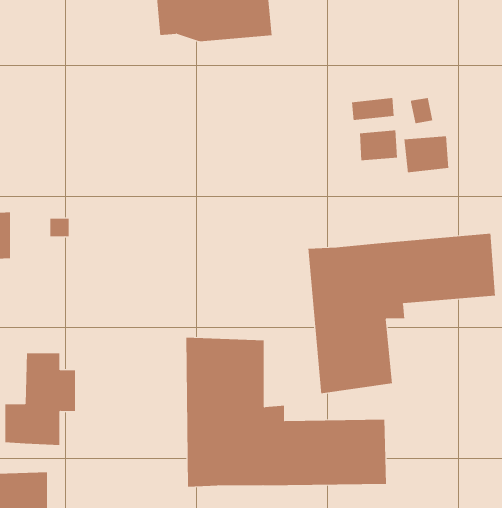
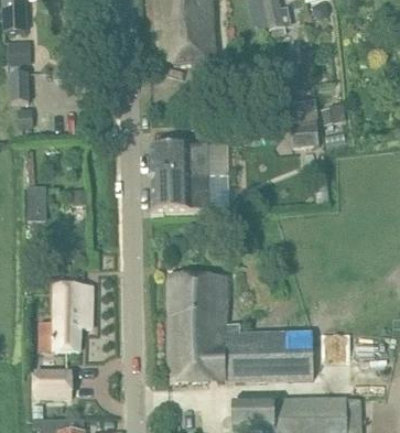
building: [404,135,449,173] -> none
building: none -> [151,142,223,207]
building: [308,233,496,394] -> none

